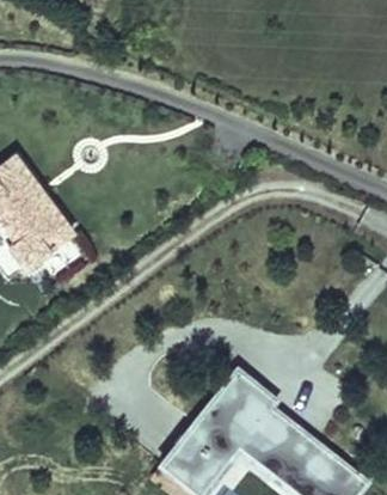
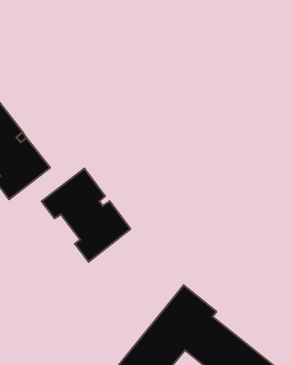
building: none -> [42,168,130,262]

